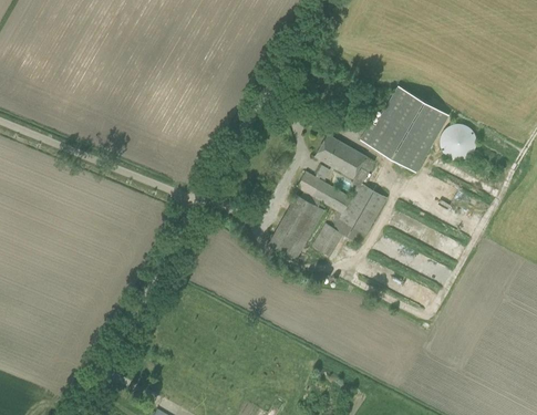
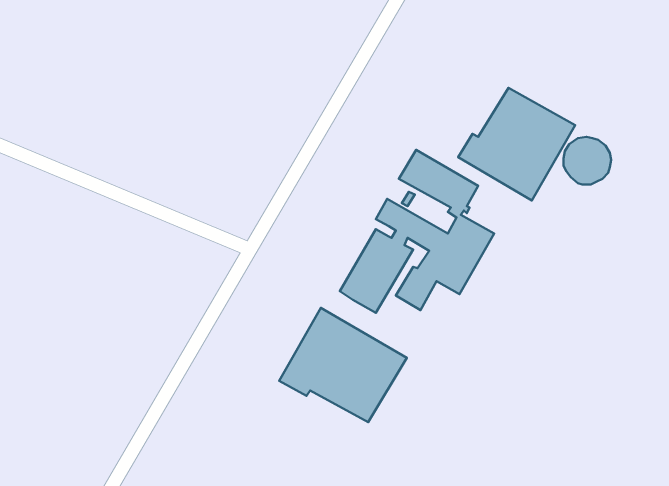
building: none -> [279,308,407,422]

